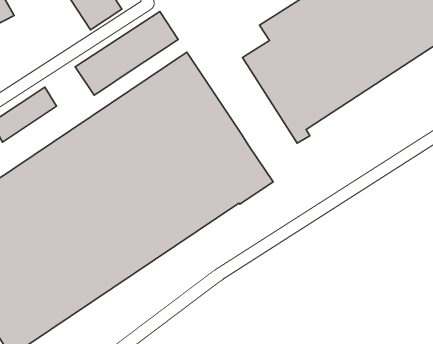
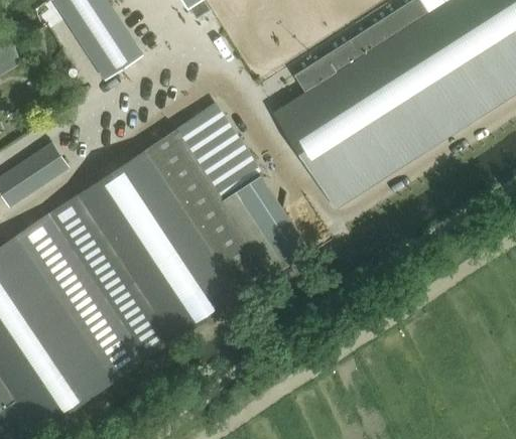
building: [75,11,178,95] -> none

